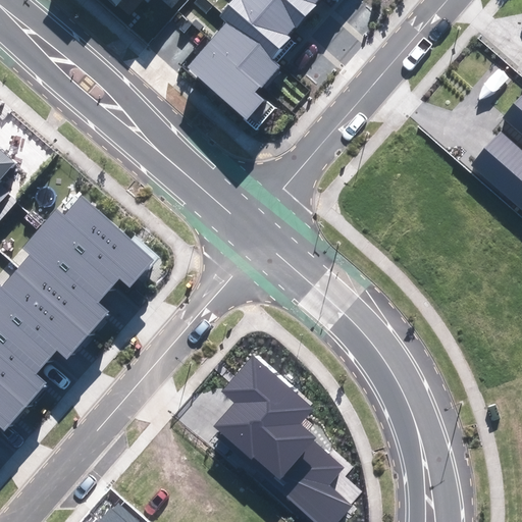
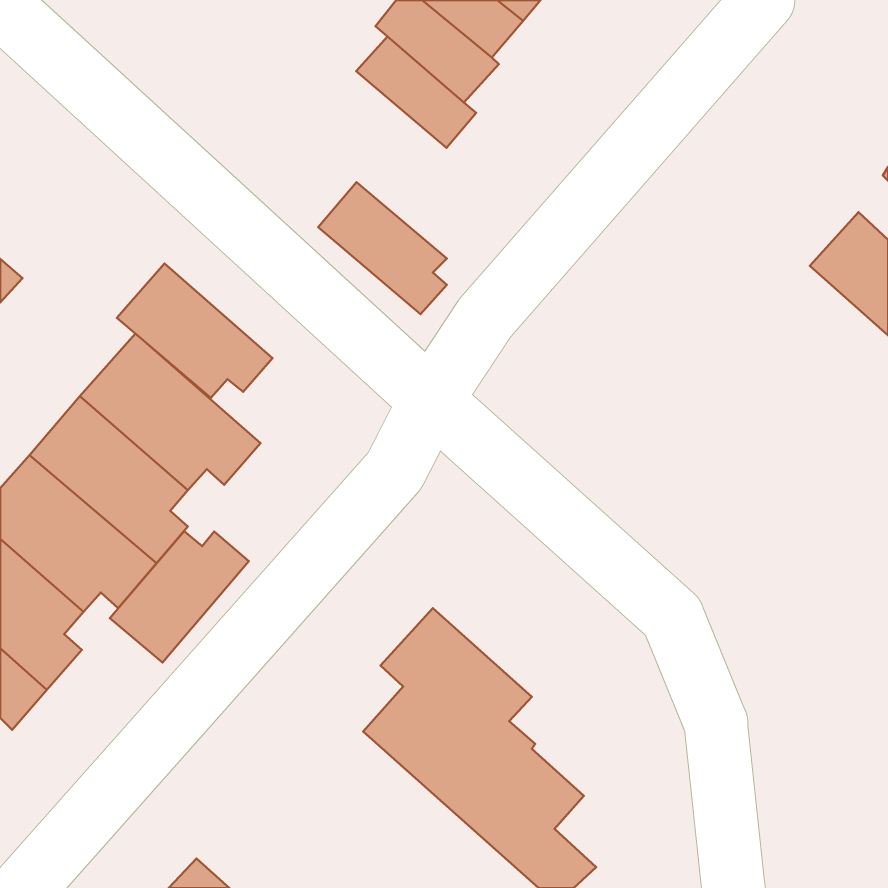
building: [187,42,262,119] -> [318,182,447,314]
building: none -> [117,263,272,398]
building: none -> [110,531,249,663]

